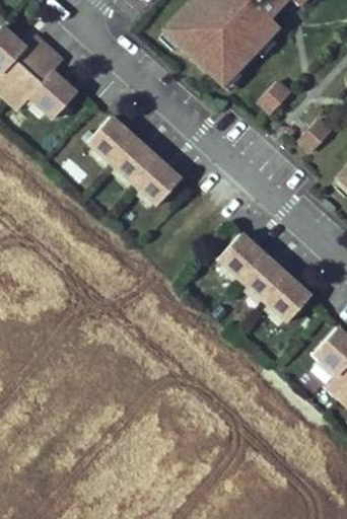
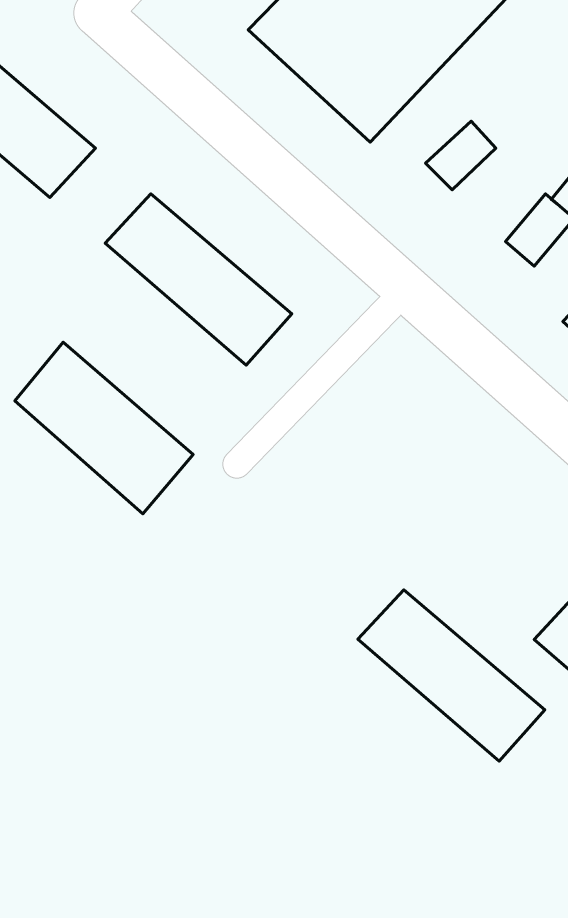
building: none -> [15,342,193,514]
building: [216,233,316,324] -> [358,590,545,761]

